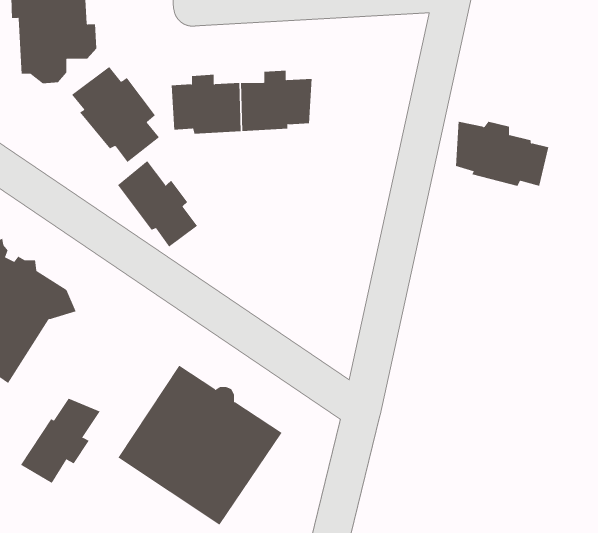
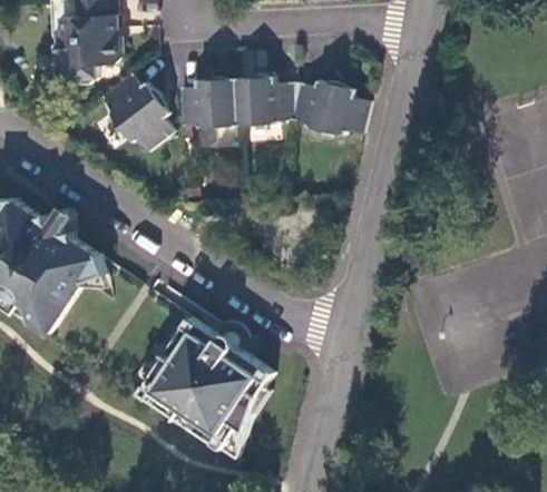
building: [455,121,549,187] -> [295,81,372,135]
building: [117,160,198,247] -> none
building: [20,398,100,484] -> none

